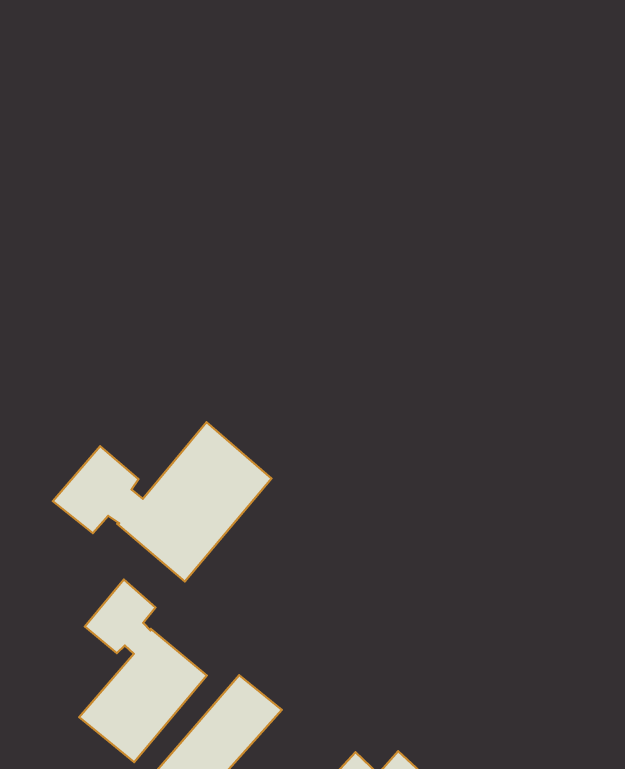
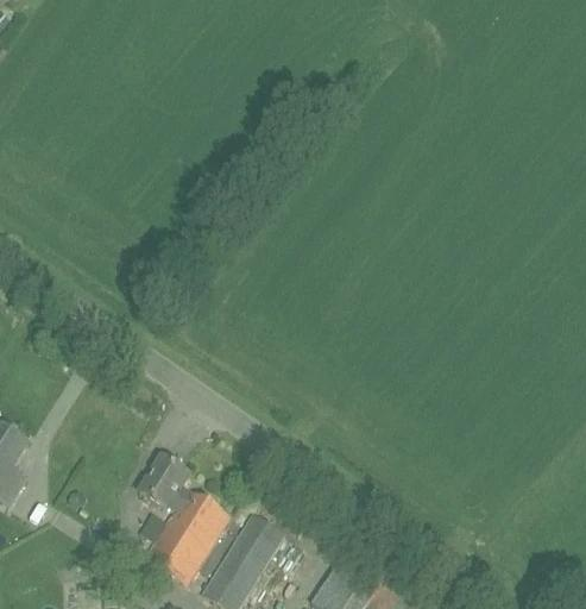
building: [53,422,272,581] -> none

